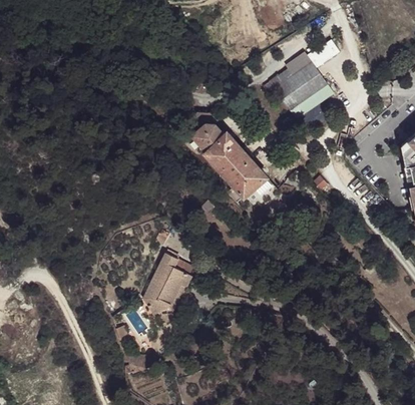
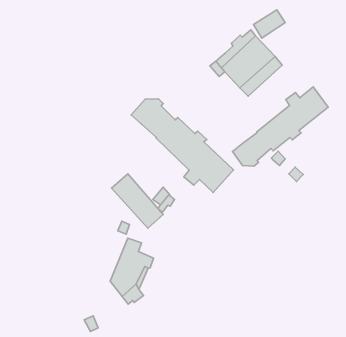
building: none -> [232,87,328,166]
building: none -> [112,174,163,228]

